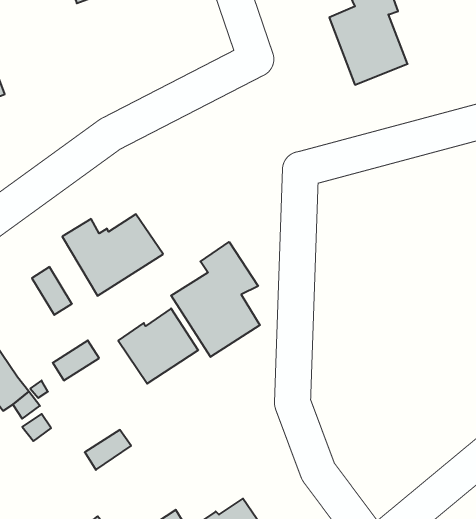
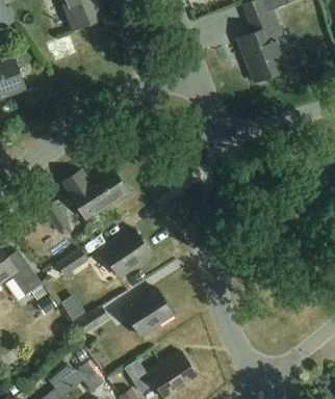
building: [171,242,260,357] -> none
building: none -> [121,288,173,336]

